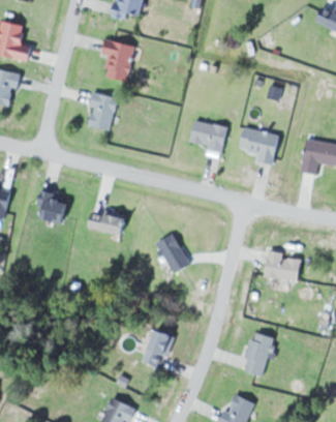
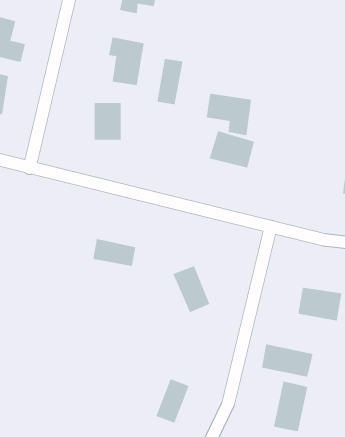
building: none -> [157,58,183,105]
building: [238,128,277,164] -> [206,93,252,136]
building: [35,190,67,224] -> none
building: none -> [262,344,313,378]

